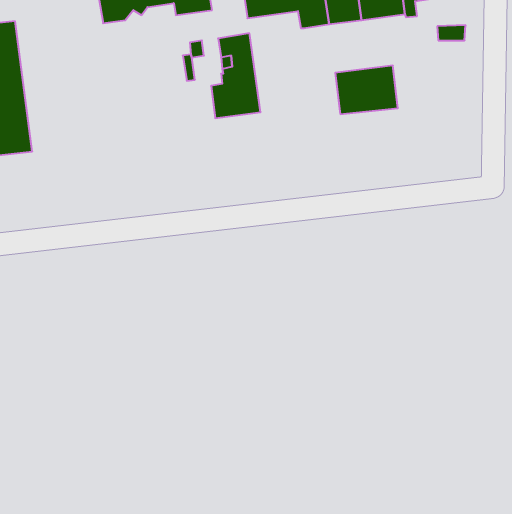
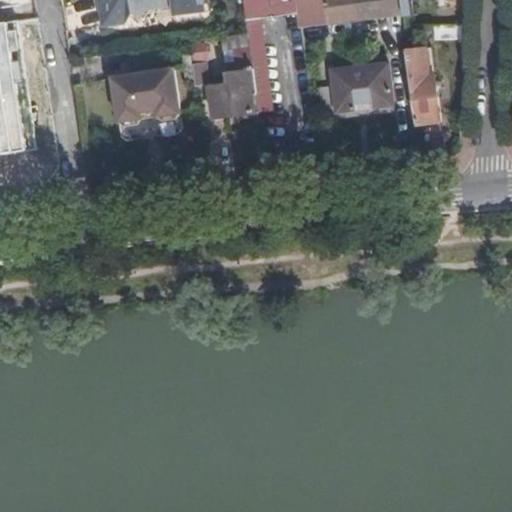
building: none -> [406,49,439,125]
building: none -> [110,68,179,126]

